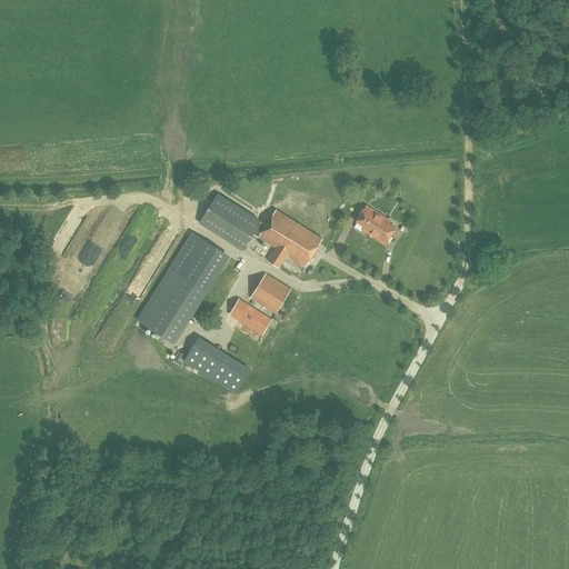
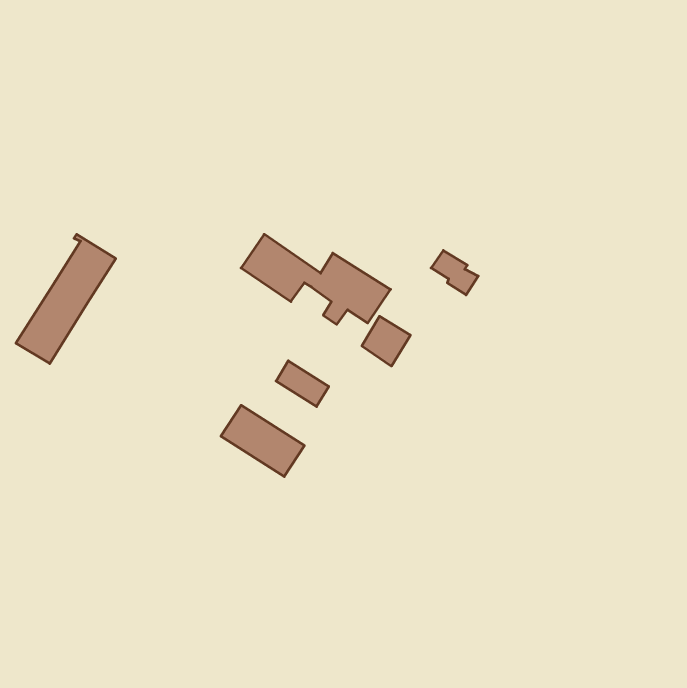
building: [137,231,219,338] -> [16,234,116,364]
building: [250,273,290,315] -> [362,316,410,366]

